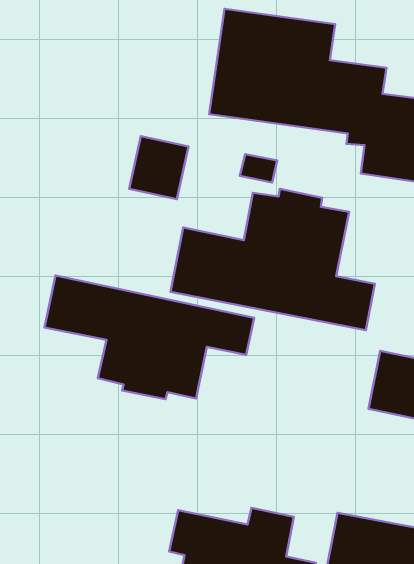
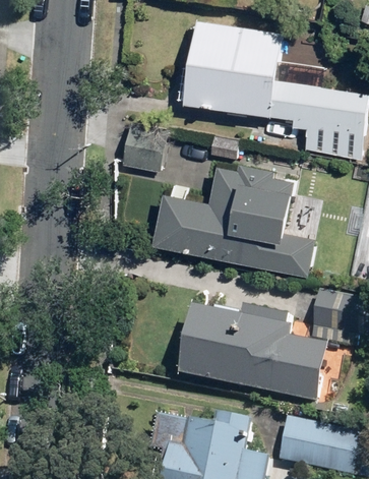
building: [45,276,254,399] -> none
building: none -> [180,306,326,404]

